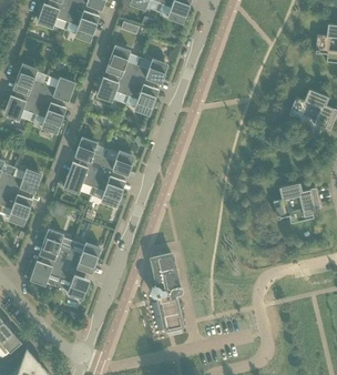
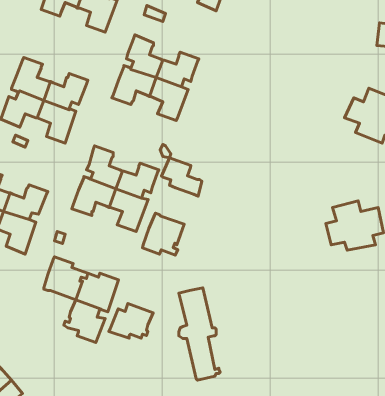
building: none -> [161,158,202,196]
building: none -> [142,213,184,255]
building: [29,256,65,285] -> [109,303,153,338]

